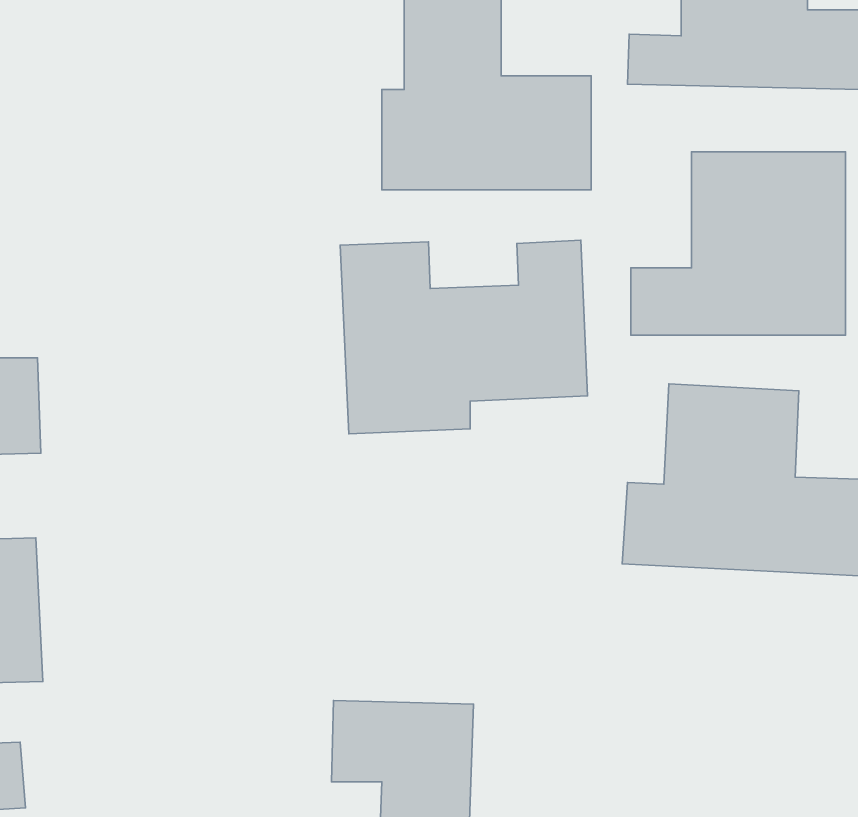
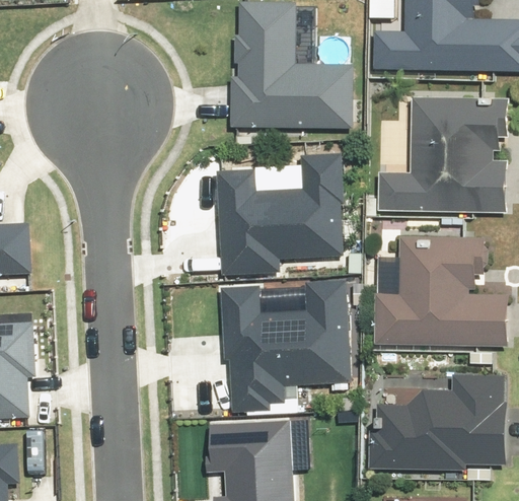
building: none -> [214,280,353,407]
building: none -> [361,373,506,476]

